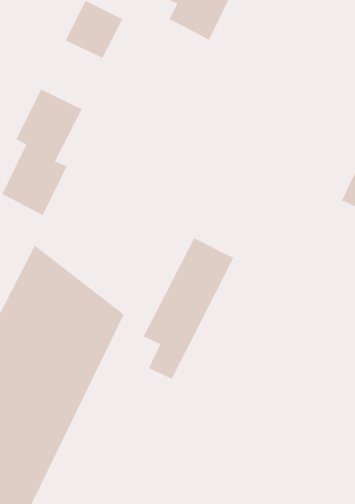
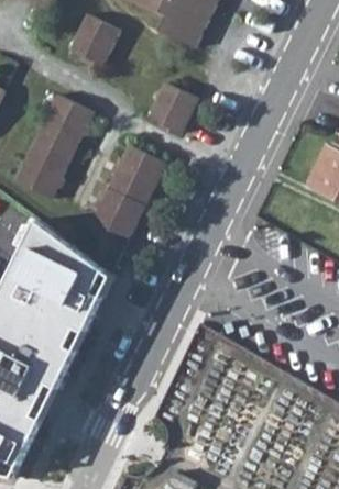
building: none -> [150,81,200,134]
building: [143,237,234,380] -> [87,146,166,269]

